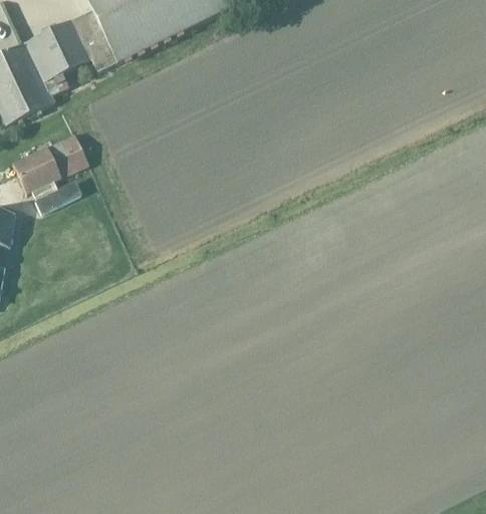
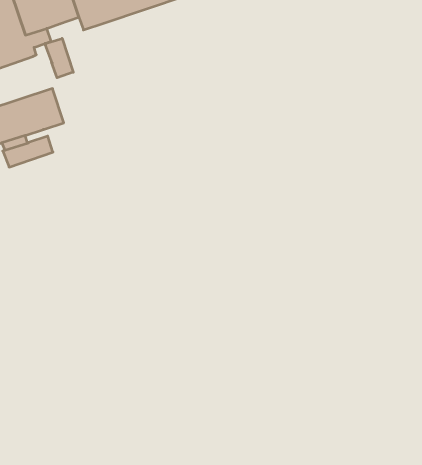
building: none -> [45,38,73,78]

